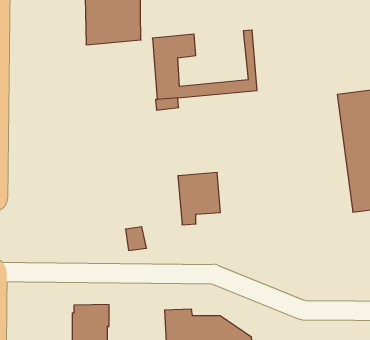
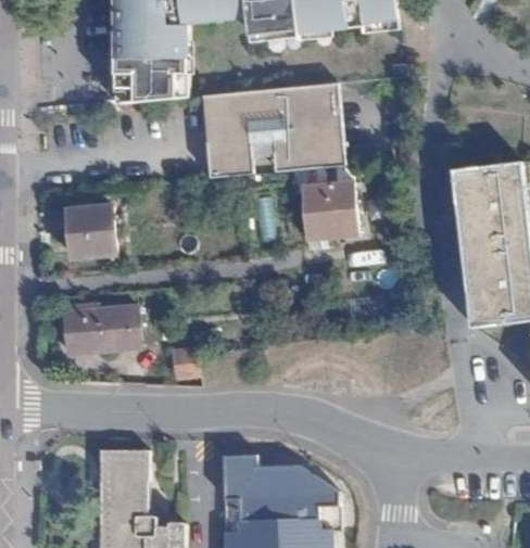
building: none -> [239,86,332,160]
building: none -> [65,204,115,257]
building: [178,172,220,225] -> [300,181,356,251]
building: none -> [62,304,139,354]

